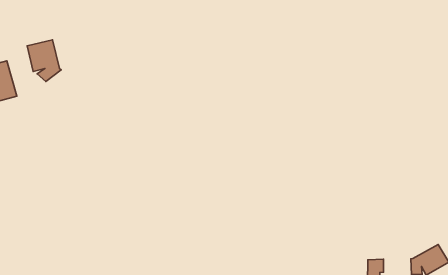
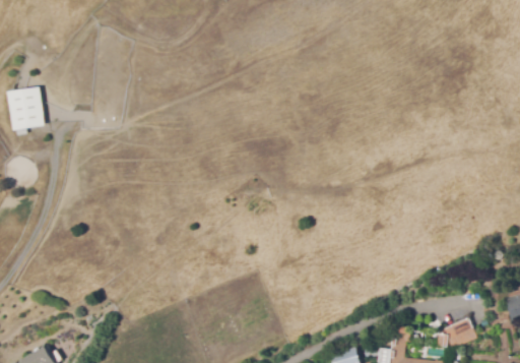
building: [27,40,61,82] -> none

